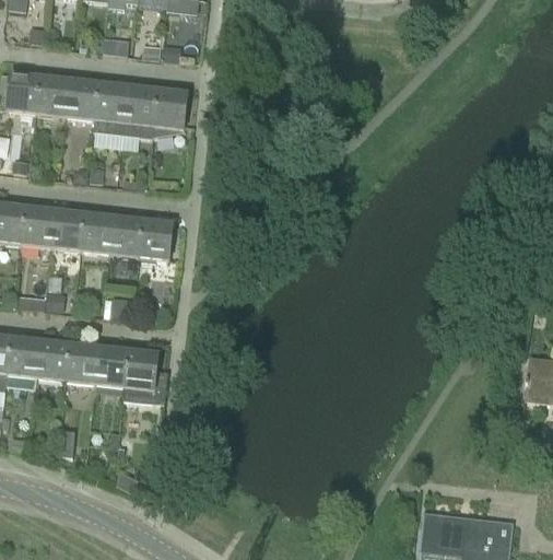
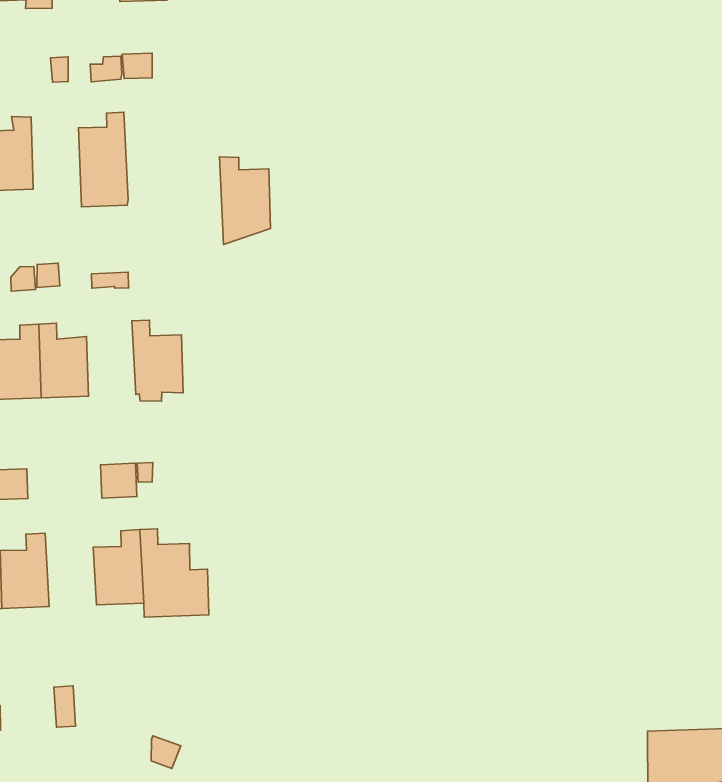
building: [93,75,128,136] -> none
building: [152,81,187,136] -> [219,157,271,244]
building: [109,210,143,257] -> none
building: [66,335,98,384] -> none

